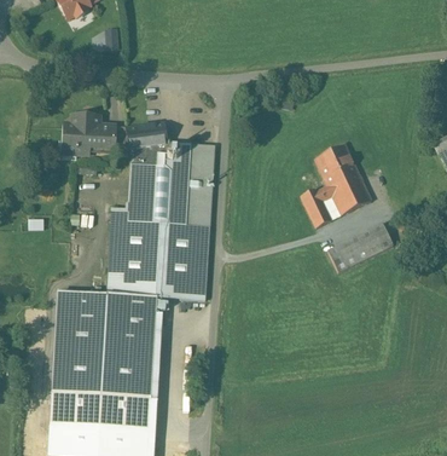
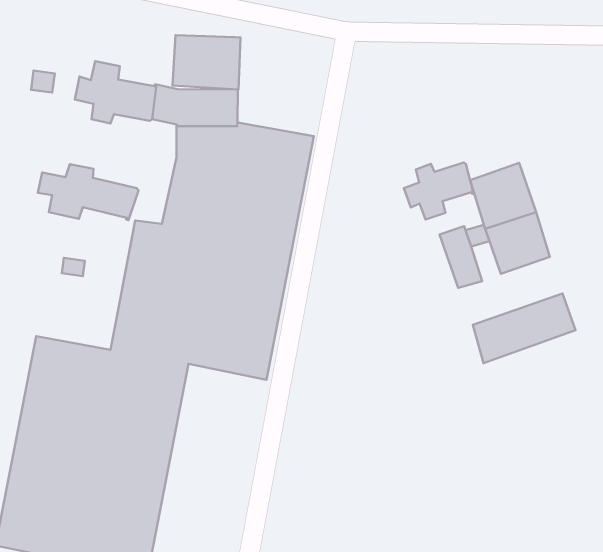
building: none -> [172,35,240,89]
building: none -> [404,163,474,220]
building: none -> [38,164,138,220]

